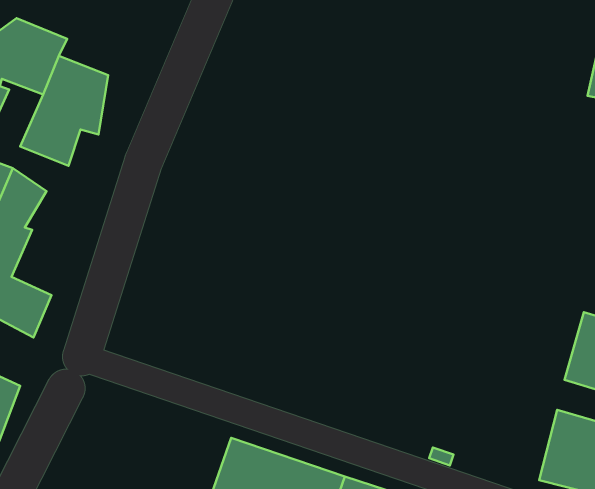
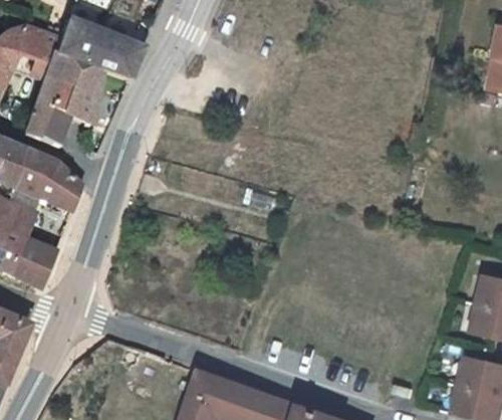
building: none -> [54,21,138,79]
building: none -> [26,165,76,212]

